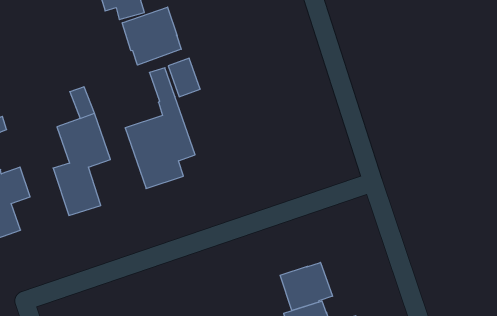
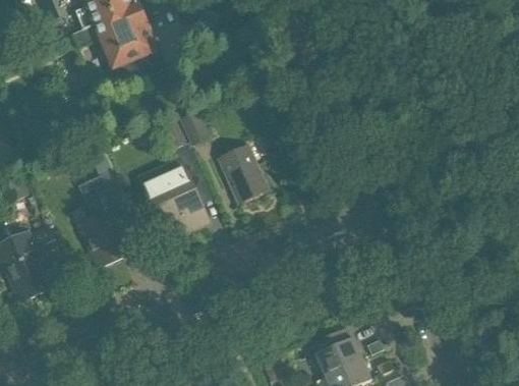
building: [122,7,181,65] -> none
building: none -> [217,147,268,205]
building: [280,262,333,311] -> none

